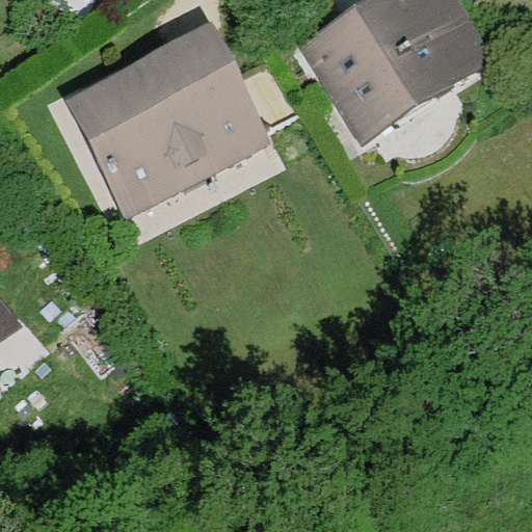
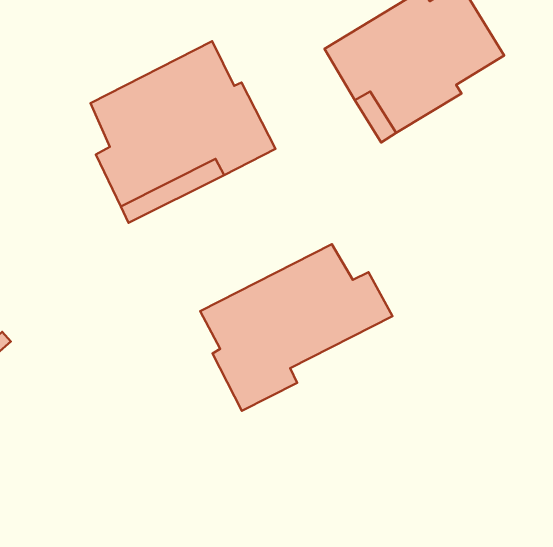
building: none -> [200,244,392,411]

